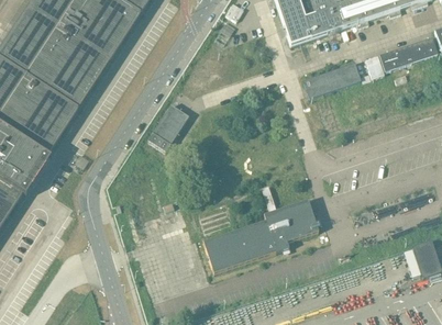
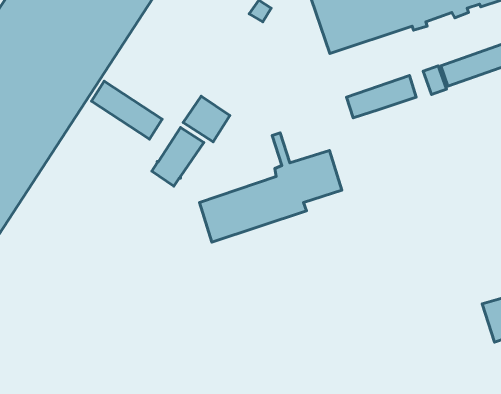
building: none -> [91,81,162,139]
building: none -> [183,96,230,142]
building: [203,184,318,272] -> [199,133,342,242]

